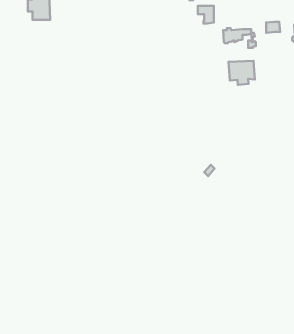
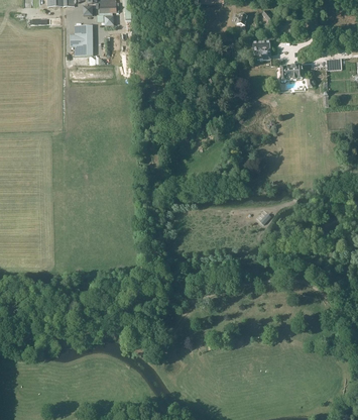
building: [228,61,255,85] -> none

